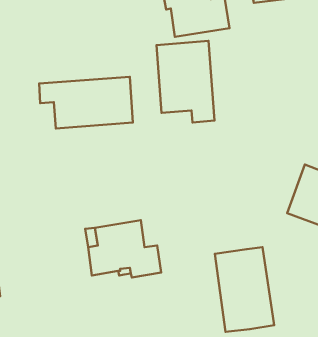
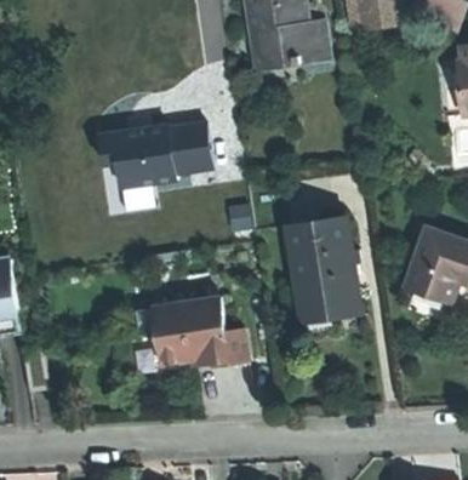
building: [157,41,215,123] -> none
building: [215,247,274,332] -> [287,217,361,322]

